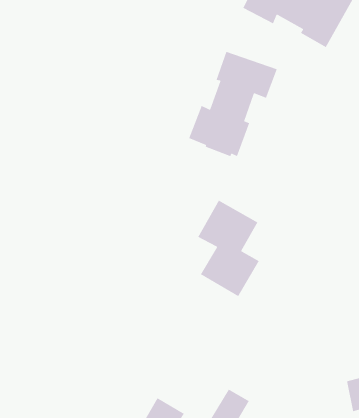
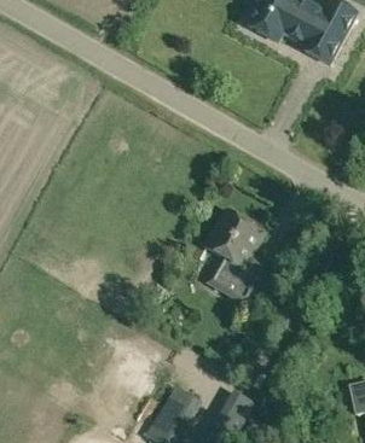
building: [188,51,278,157] -> none

